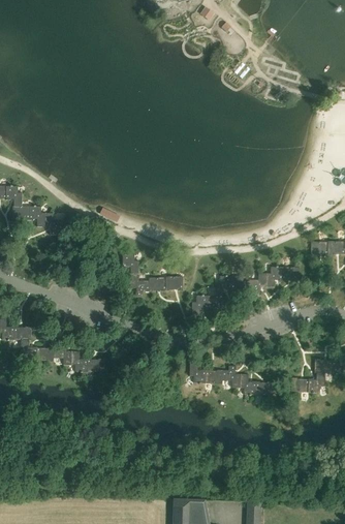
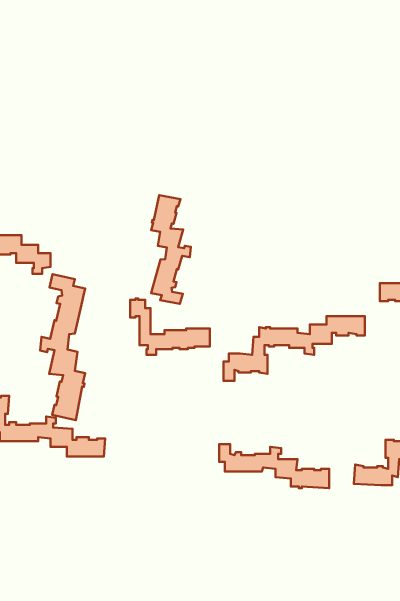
building: none -> [151,195,191,304]
building: none -> [40,274,85,420]

